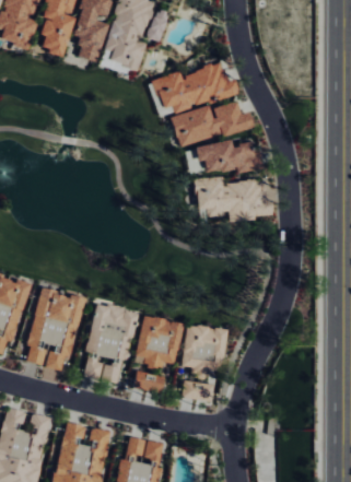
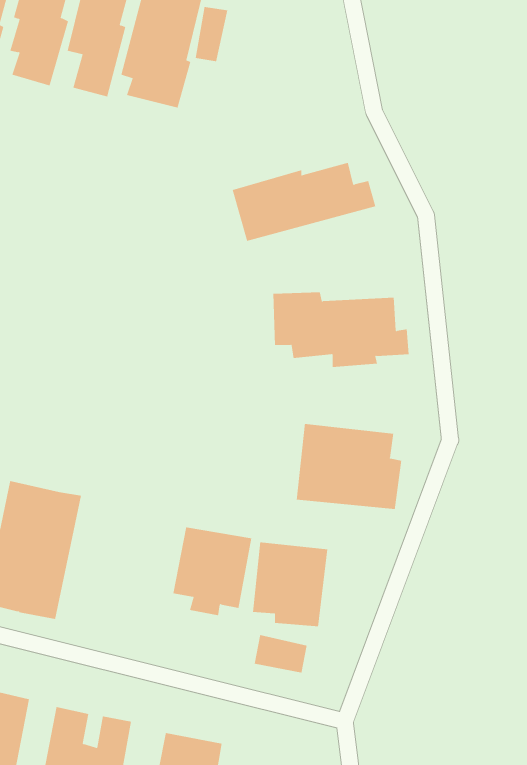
building: [153,62,241,114] -> none
building: [192,140,259,174] -> none
building: none -> [296,423,402,510]
building: [84,304,137,383] -> none
building: [134,373,165,391] -> none

